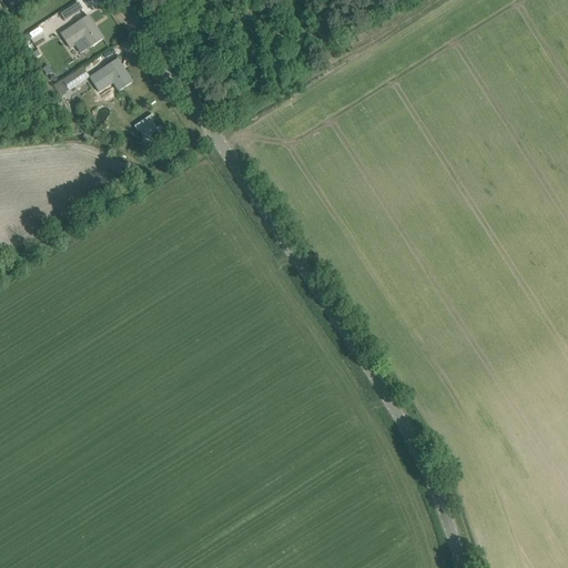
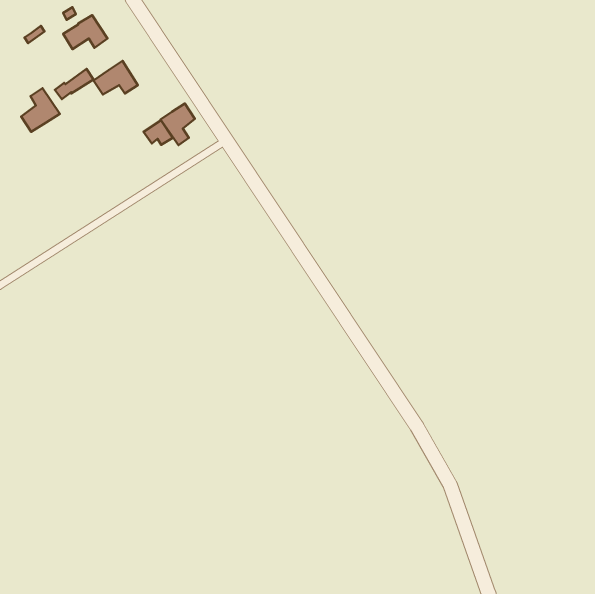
building: none -> [21,88,60,132]
building: none -> [160,104,195,145]

